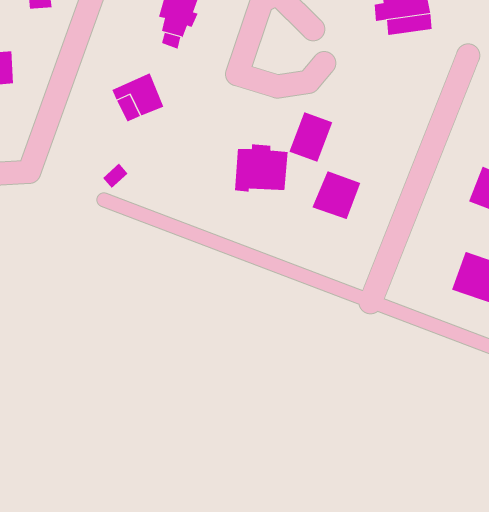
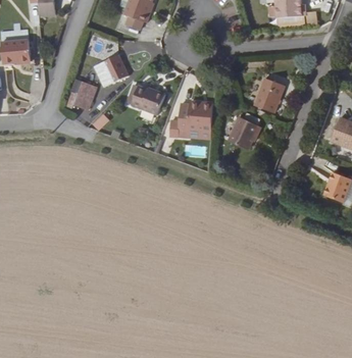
building: none -> [64,78,95,111]
building: [288,111,333,163] -> [253,78,283,111]
building: none -> [133,84,165,112]

